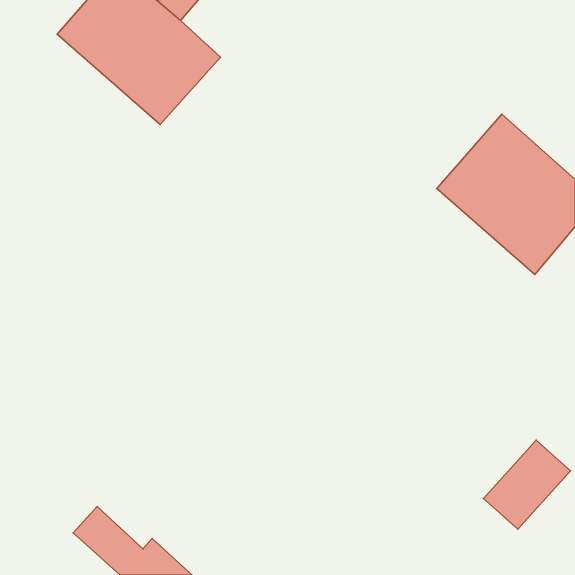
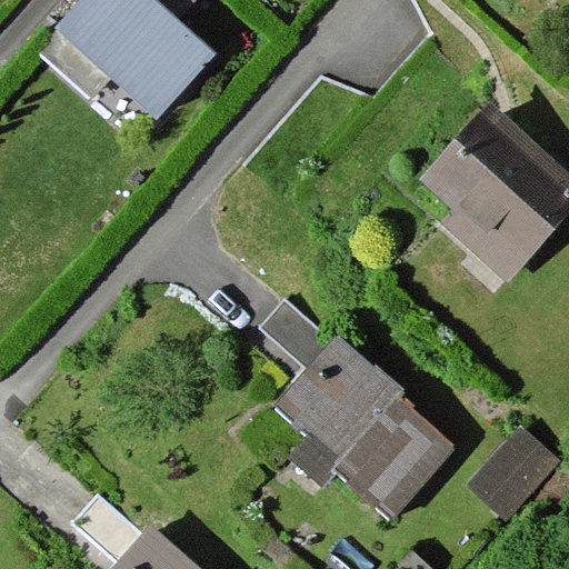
building: none -> [258,299,455,521]

